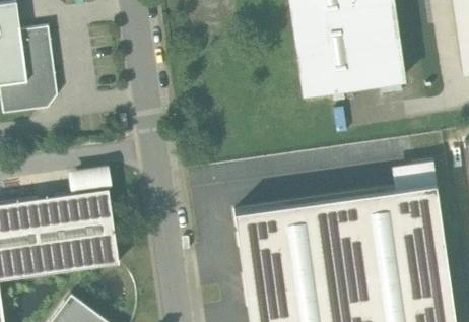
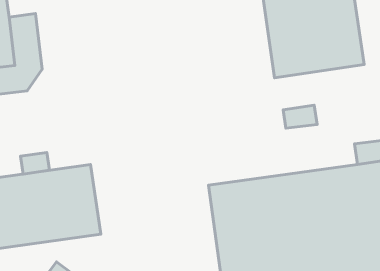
building: none -> [283,105,317,128]
building: [76,166,108,189] -> [20,152,50,174]

